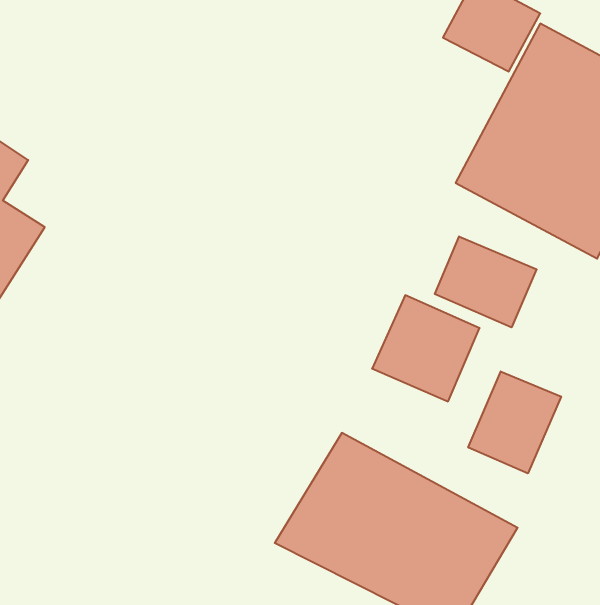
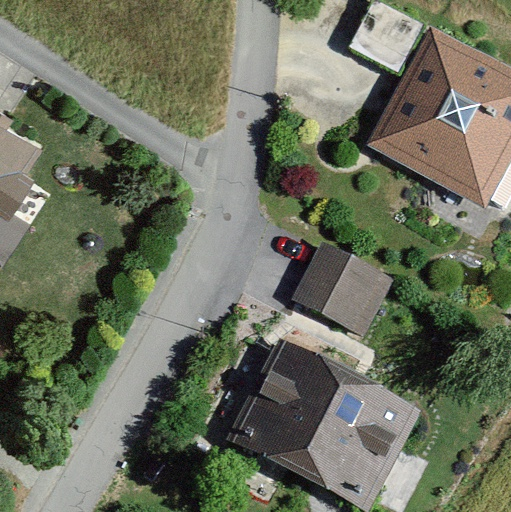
building: [435,236,537,327] -> none
building: [468,371,561,473] -> none

